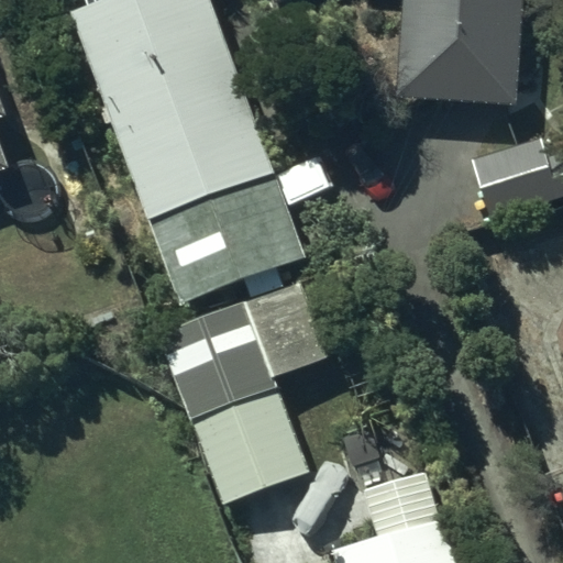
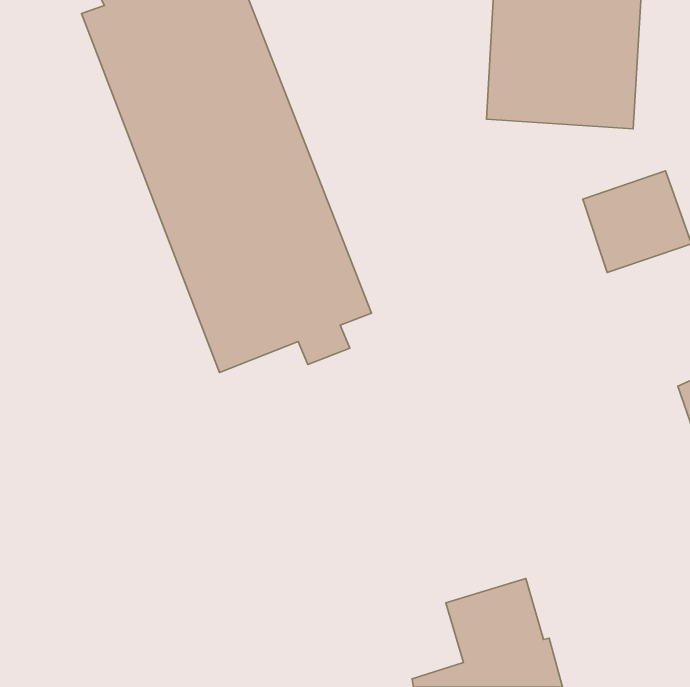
building: [158,282,333,506] -> none

